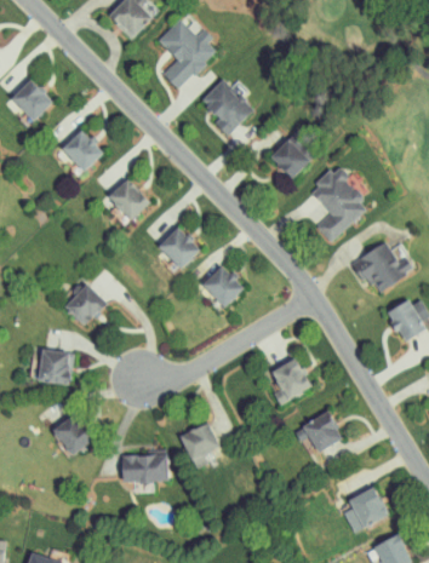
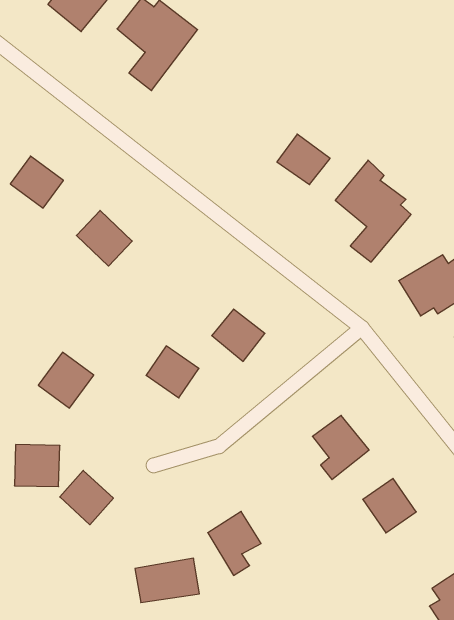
building: [201,79,254,136] -> none
building: [158,226,199,268] -> [146,346,199,398]
building: [51,413,92,455] -> [60,470,113,525]

